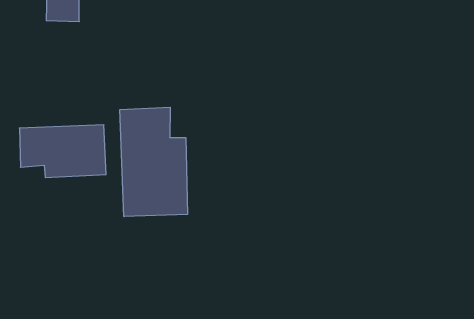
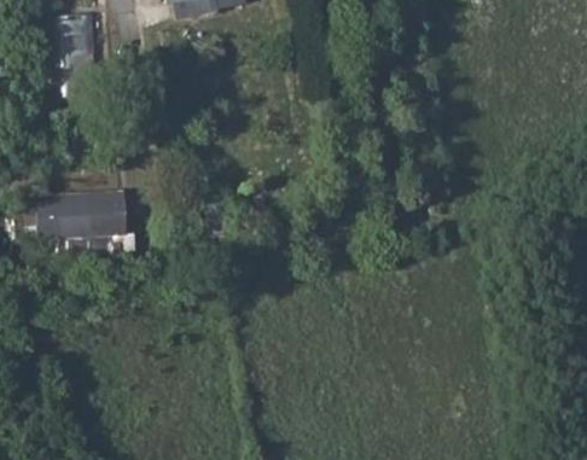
building: [120,107,187,217] -> none

